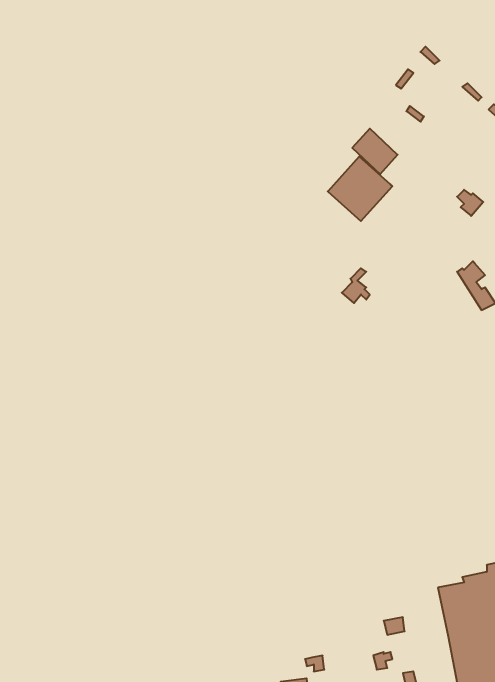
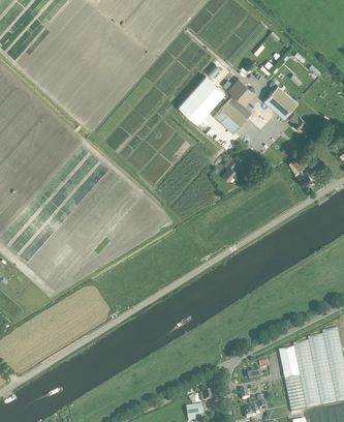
building: none -> [178,74,225,123]
building: none -> [263,85,298,118]

